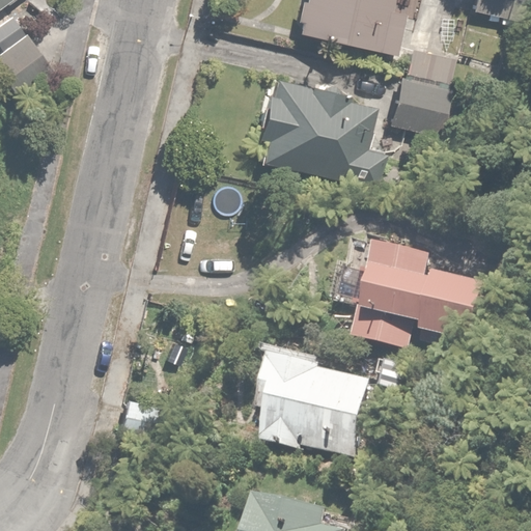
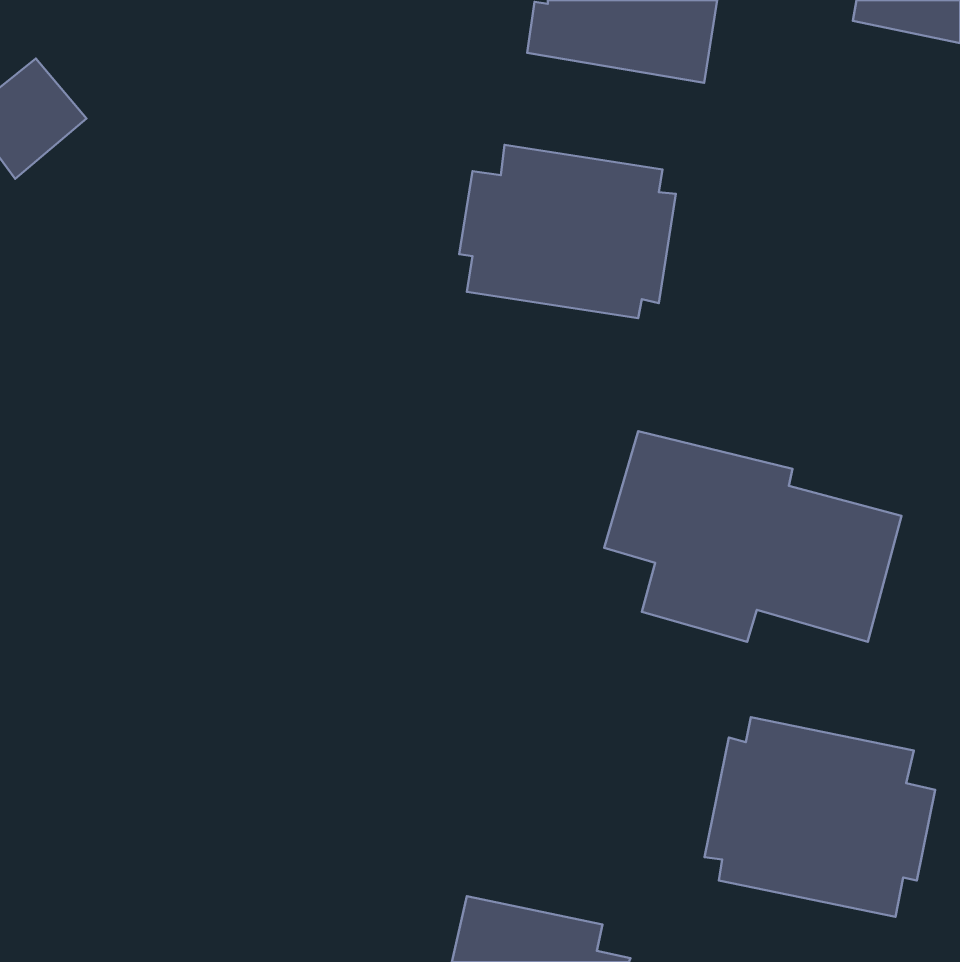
building: [385,46,456,138] -> none
building: [256,355,375,456] -> none
building: none -> [704,717,935,917]

